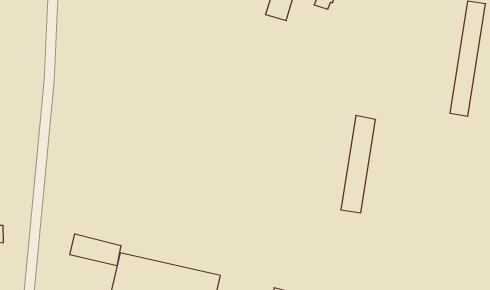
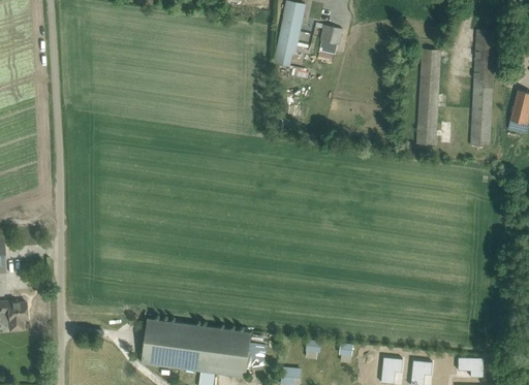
building: [341,116,376,213] -> [415,46,442,145]
building: [70,234,121,266] -> none

